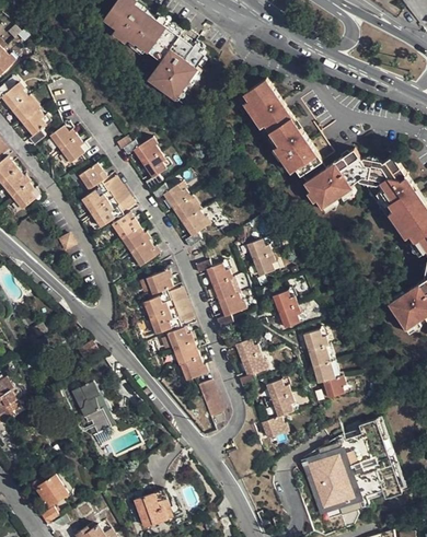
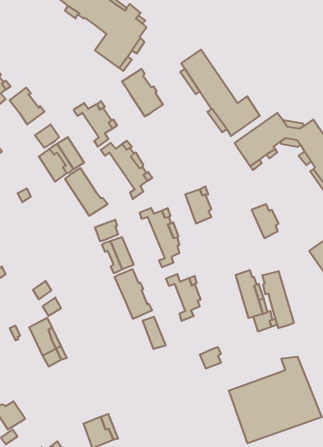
building: none -> [122,69,163,117]
building: [272,287,302,325] -> [252,204,279,238]
building: [140,299,166,336] -> none
building: none -> [262,271,294,328]
building: [267,376,297,416] -> none

